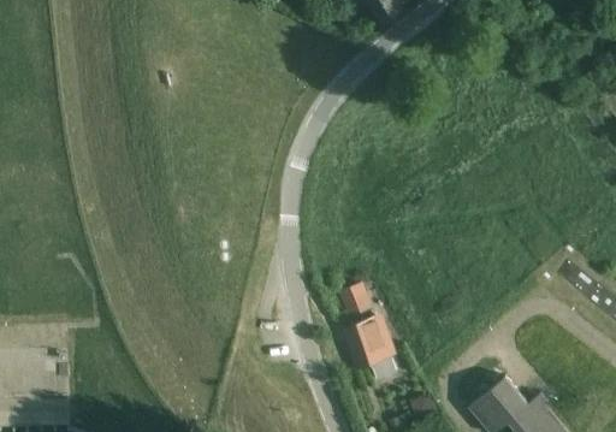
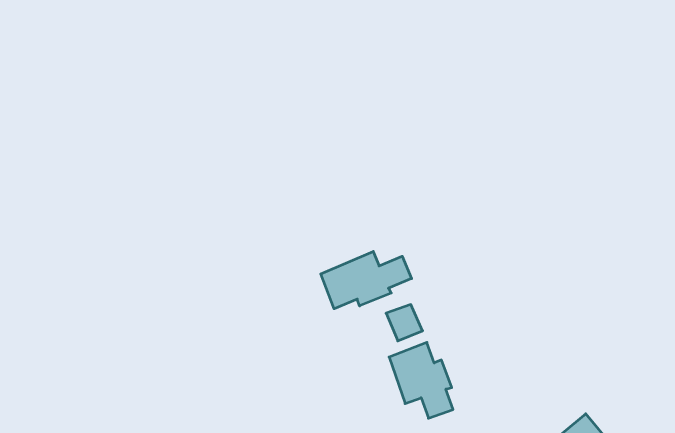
building: none -> [321,251,412,309]

